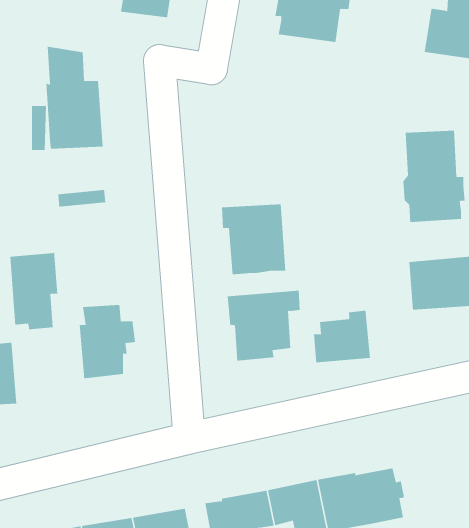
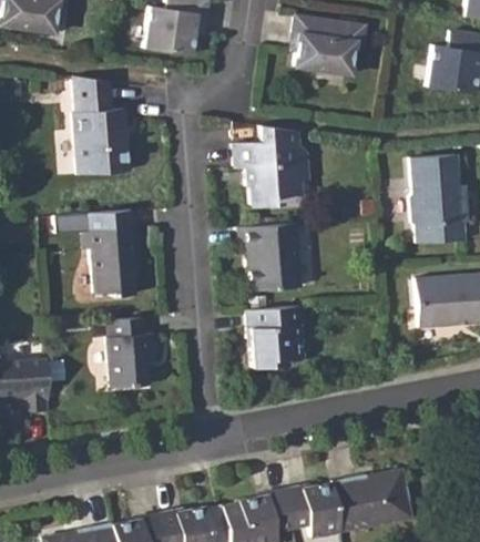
building: none -> [235,125,308,206]
building: [10,252,58,330] -> [92,227,137,300]
building: [313,310,371,363] -> none

